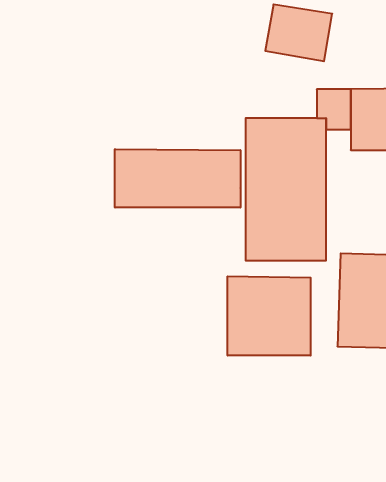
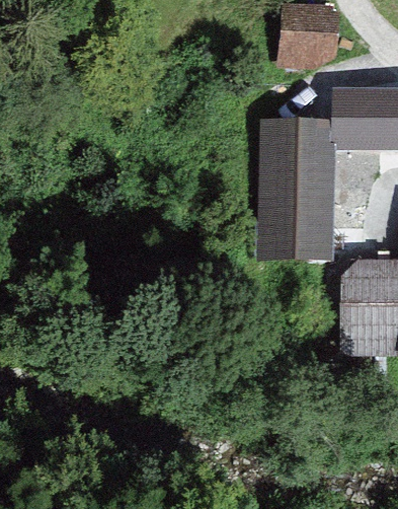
building: [115,149,240,208] -> none
building: [228,276,311,356] -> none

